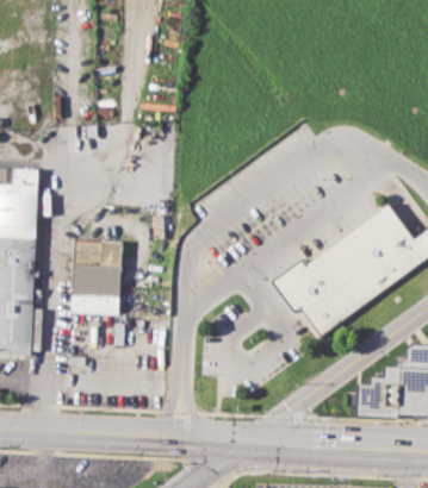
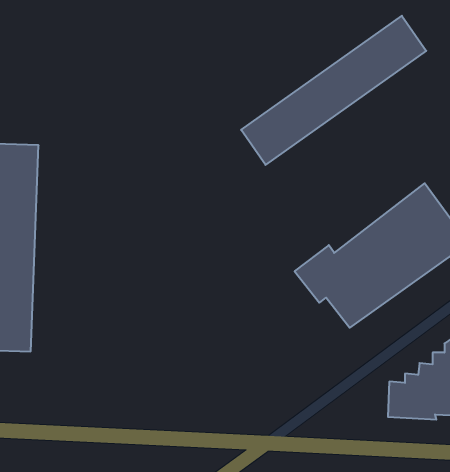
building: none -> [241,16,426,165]
building: [70,242,122,317] -> none

